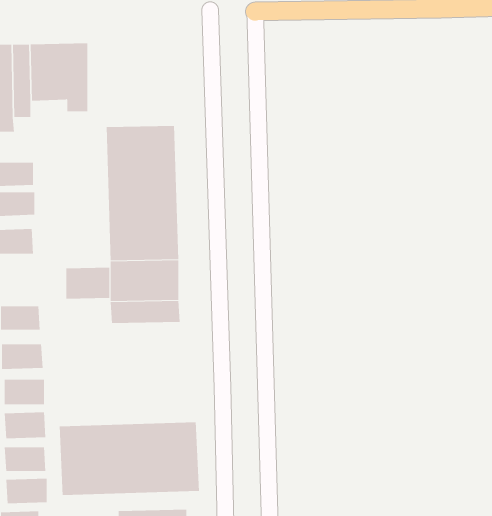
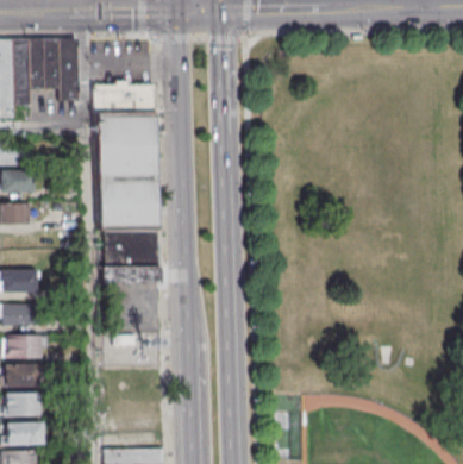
building: none -> [94,84,155,113]
building: [66,267,110,300] -> none
building: [59,421,199,496] -> none

